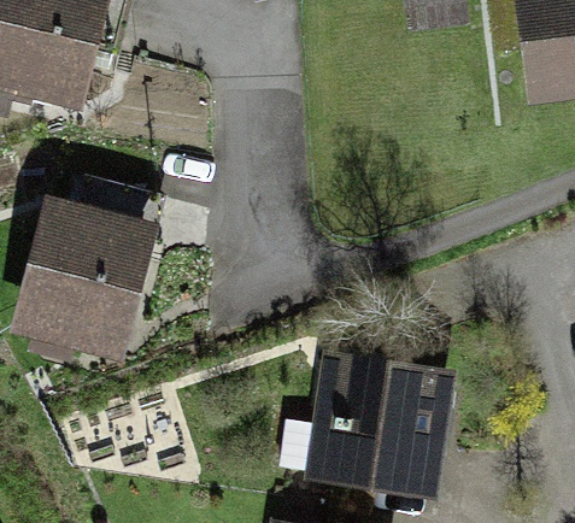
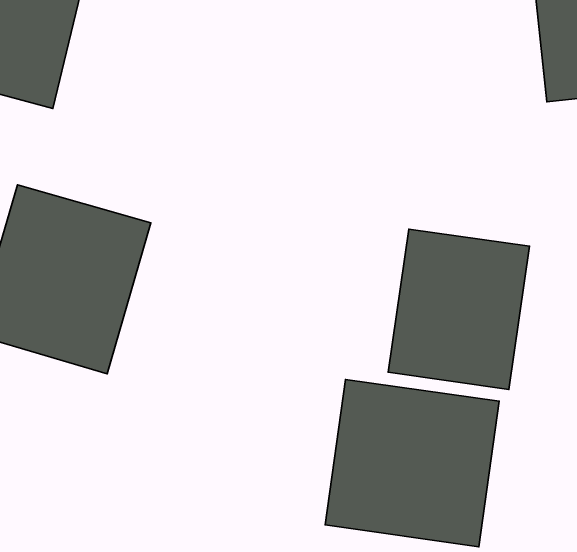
building: none -> [388,229,529,389]

